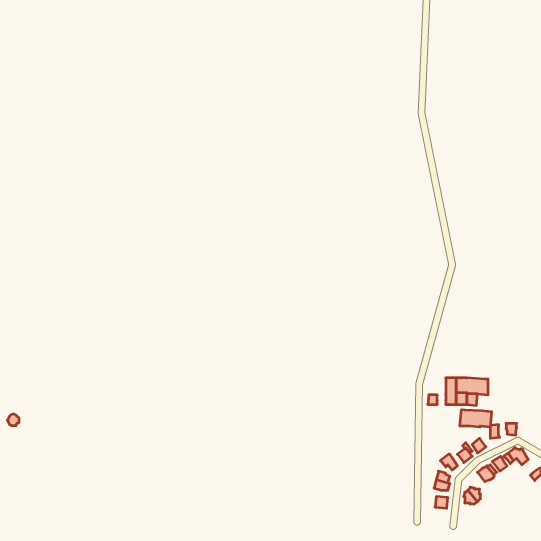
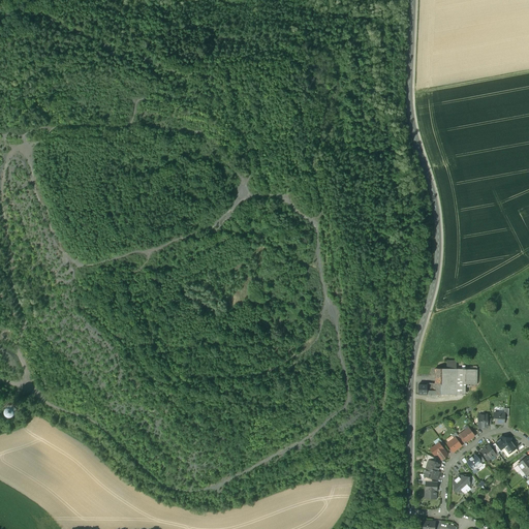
building: [460,410,492,427] -> none

